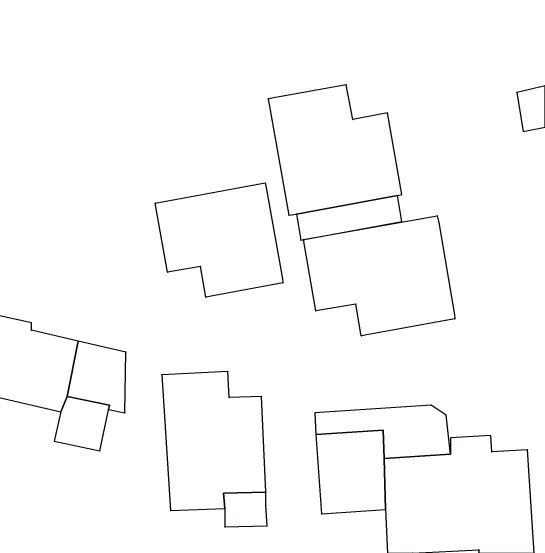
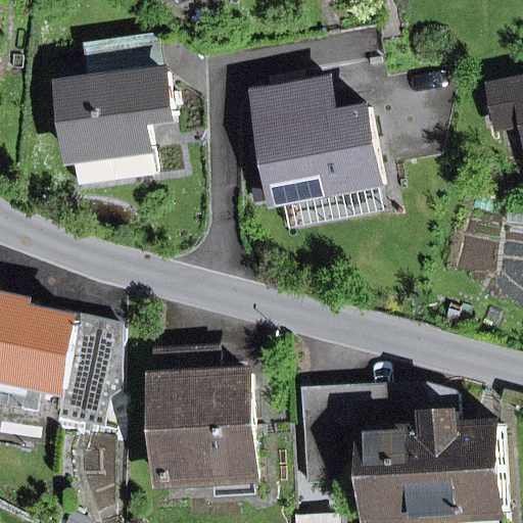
building: none -> [60,38,172,183]
building: [155,183,283,297] -> none
building: [303,216,455,336] -> none

